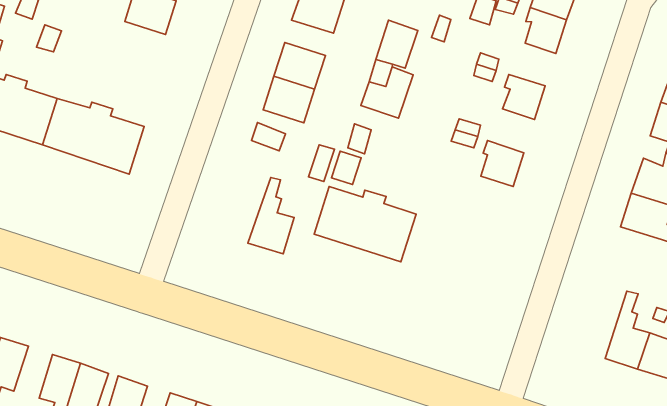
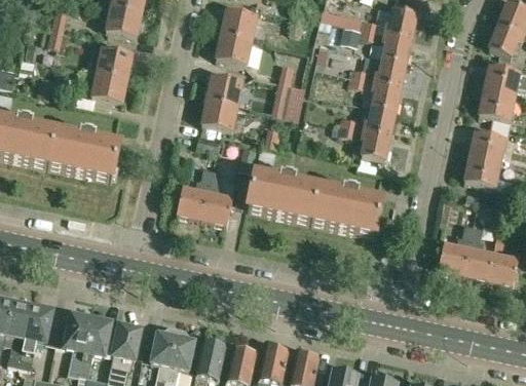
building: none -> [92,70,127,101]
building: none -> [374,55,406,84]
building: none -> [364,104,396,133]
building: none -> [177,167,213,218]
building: none -> [311,185,382,233]
building: none -> [438,222,474,273]

